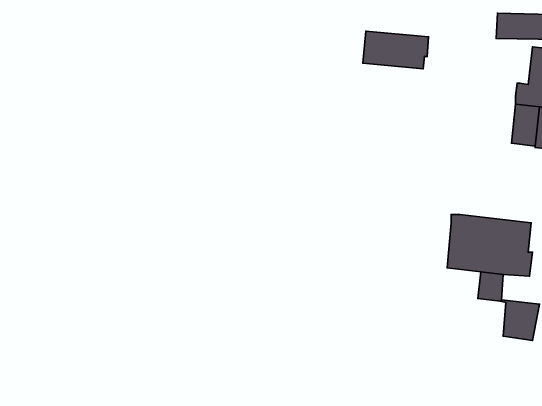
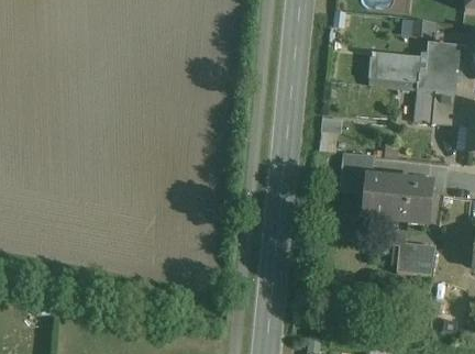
building: [363,31,429,69] -> [369,52,421,81]
building: none -> [340,152,374,181]

